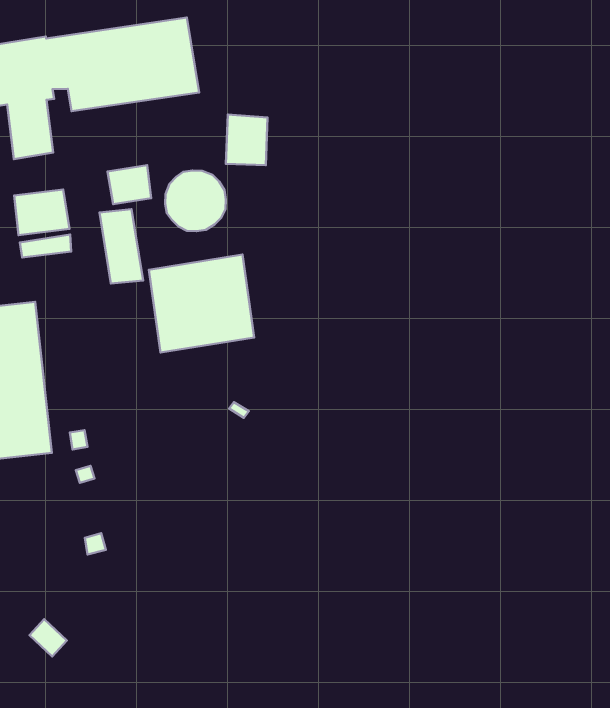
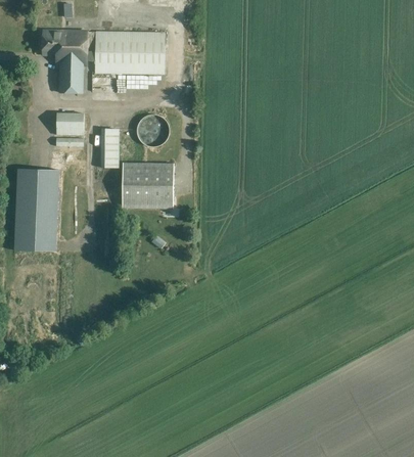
building: [226,114,267,165] -> none
building: [108,165,151,204] -> none

